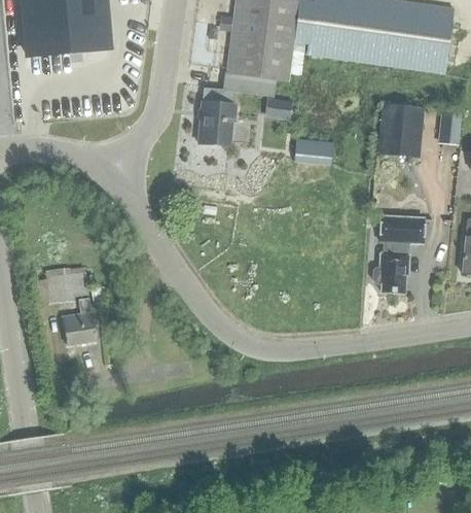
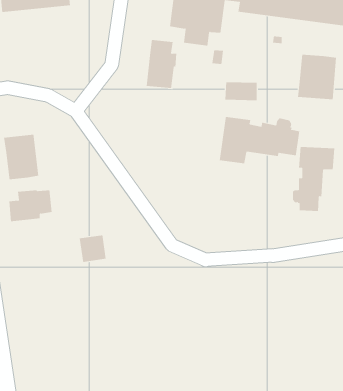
building: none -> [219,116,300,164]
building: none -> [4,134,39,180]
building: [62,312,95,345] -> [79,235,107,262]

